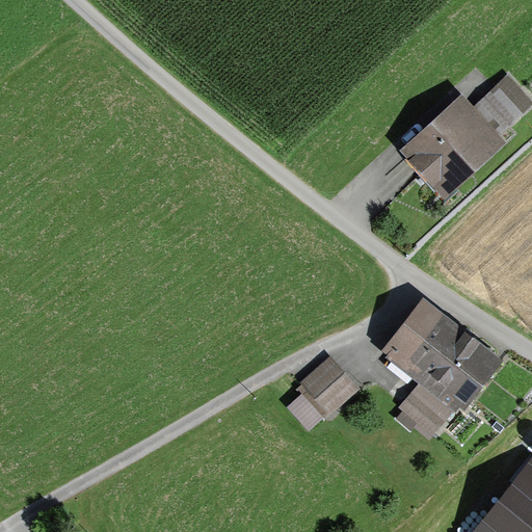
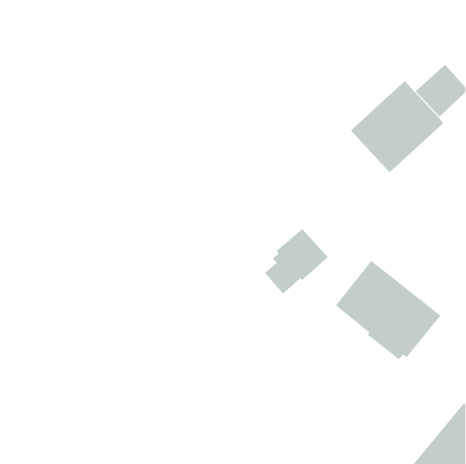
building: [286,356,360,432] -> [264,228,328,295]
building: [395,384,453,436] -> none

